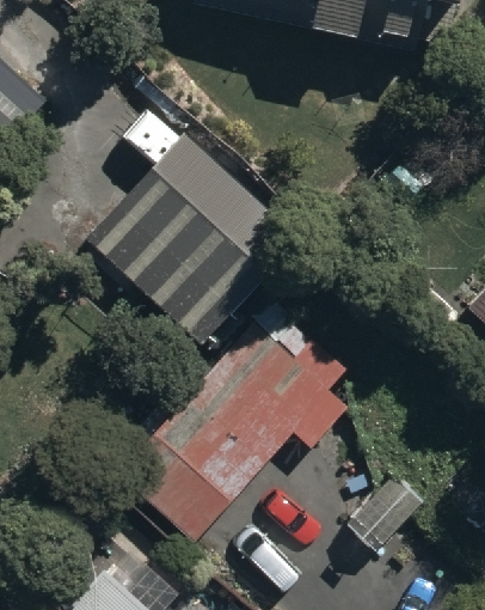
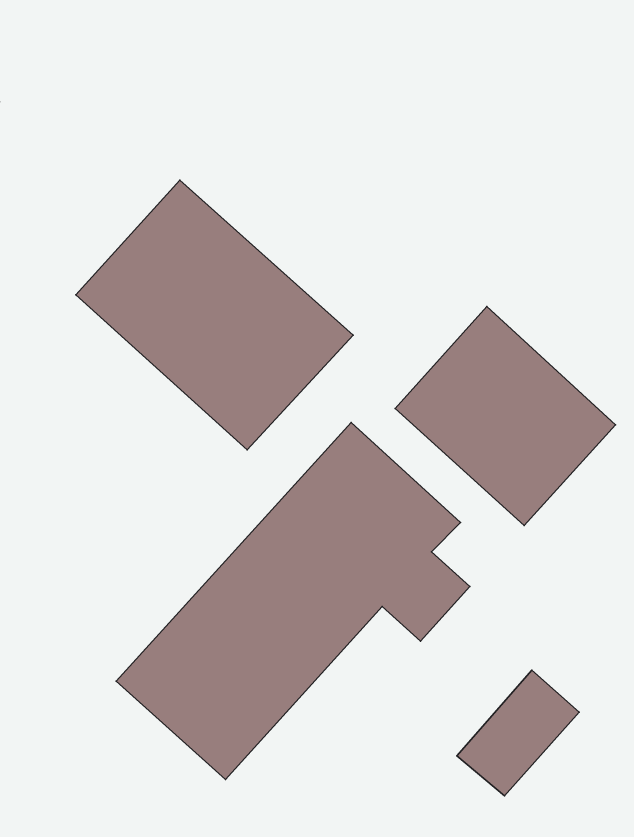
building: none -> [395,306,616,526]

